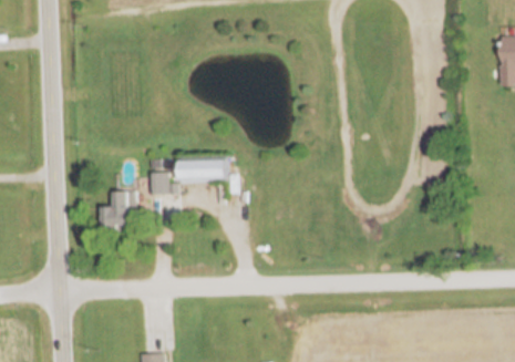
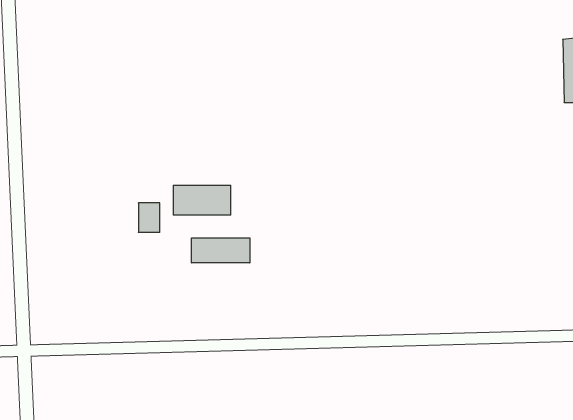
building: [103,192,136,227] -> none
building: none -> [192,238,250,263]

